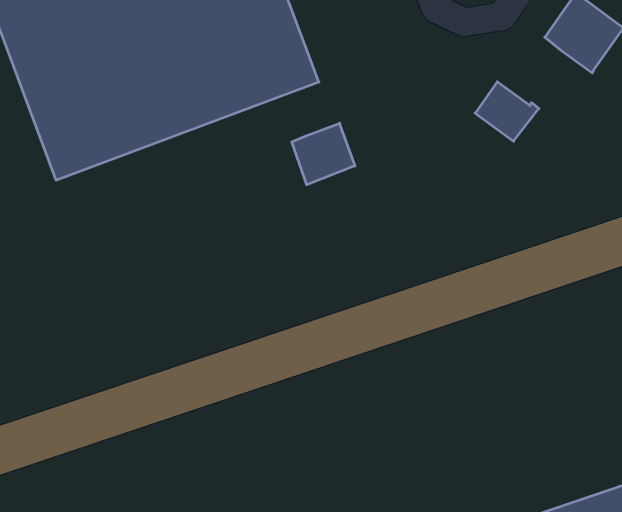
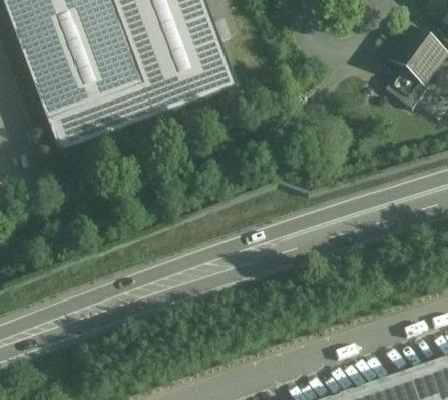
building: [475,82,539,141] -> [385,63,428,104]
building: [292,123,355,185] -> none

